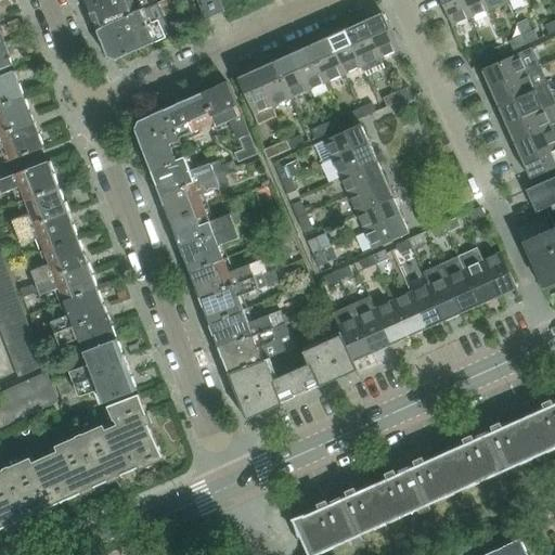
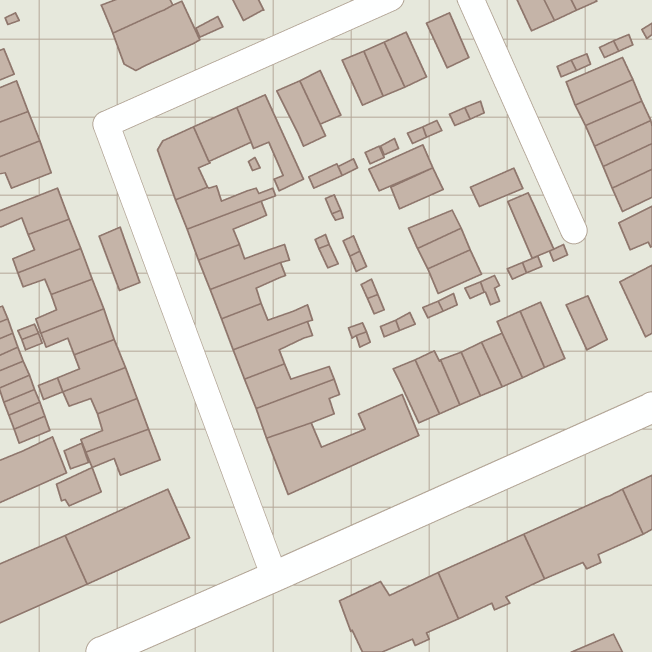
building: [344,20,383,75] -> none
building: [271,51,307,98] -> none
building: [338,160,383,193] -> [470,168,523,207]
building: none -> [99,227,140,291]
building: [457,248,496,304] -> [508,193,554,258]
building: [106,392,144,425] -> [56,468,101,506]

